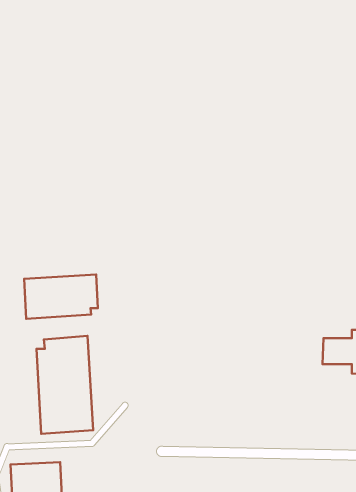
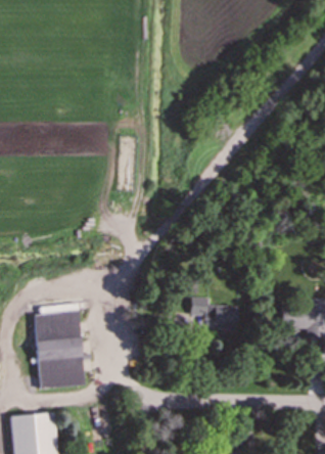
building: [24,274,98,319] -> none
building: none -> [189,298,238,330]

